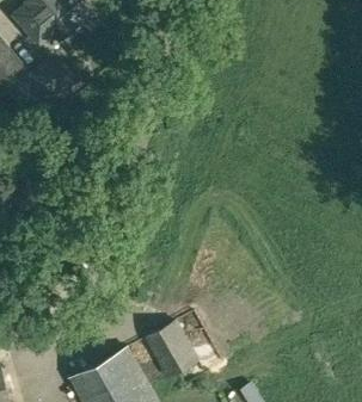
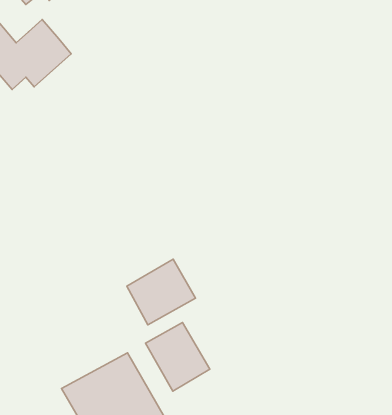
building: none -> [127,259,196,325]

